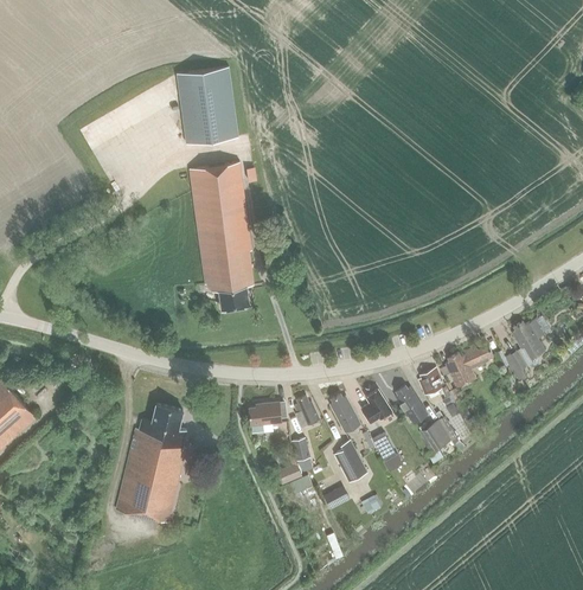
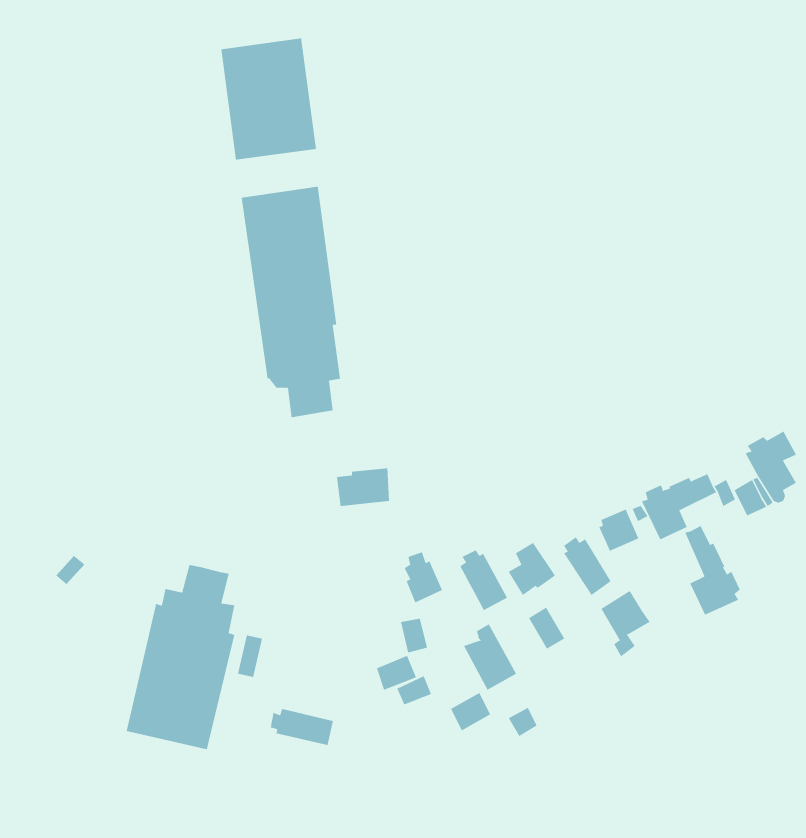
building: none -> [684,525,741,616]
building: [248,402,282,427] -> [336,468,390,507]
building: none -> [270,708,334,746]

